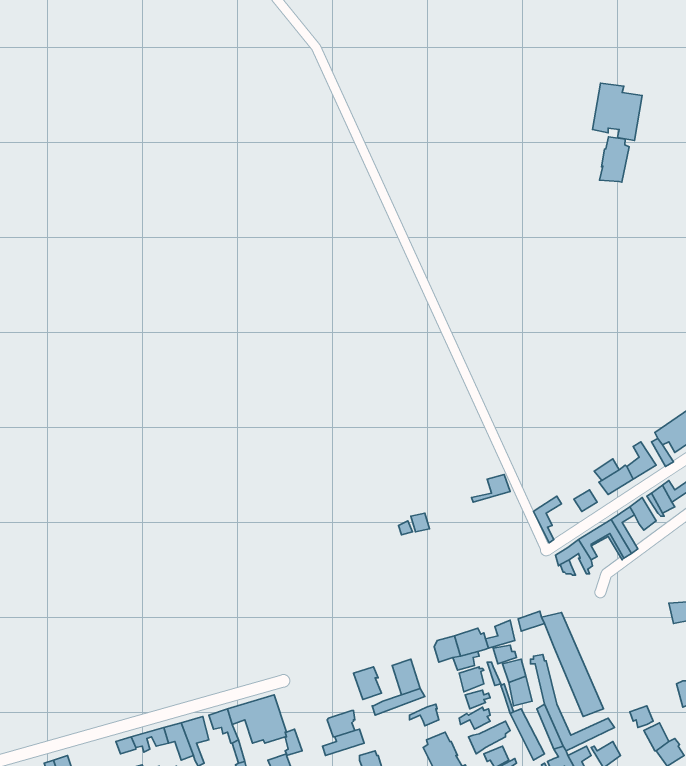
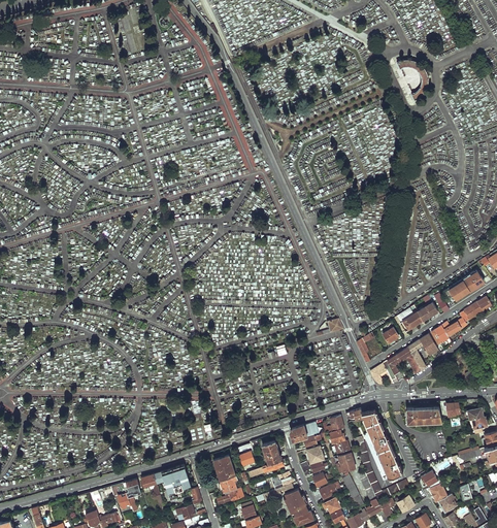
building: [599,137,629,182] -> none
building: none -> [406,407,442,424]
building: none -> [212,454,235,481]

